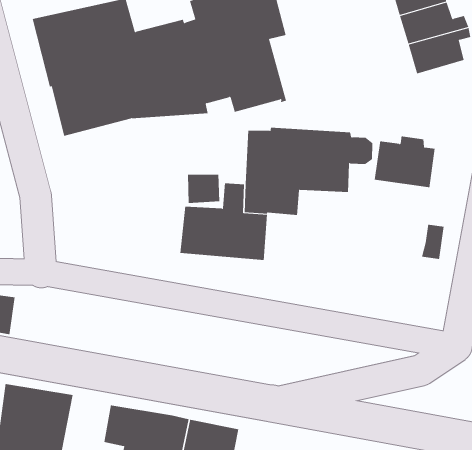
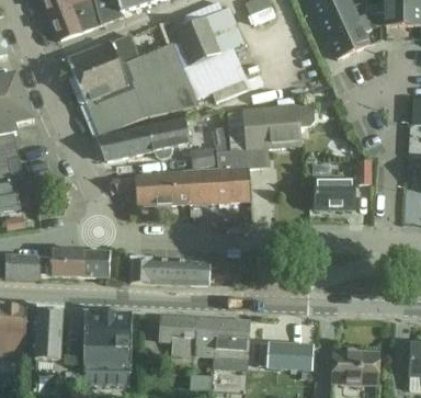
building: none -> [94,116,190,161]
building: [374,136,436,188] -> [314,174,353,207]
building: none -> [110,170,191,206]
building: none -> [82,249,109,276]
building: none -> [129,257,209,284]

